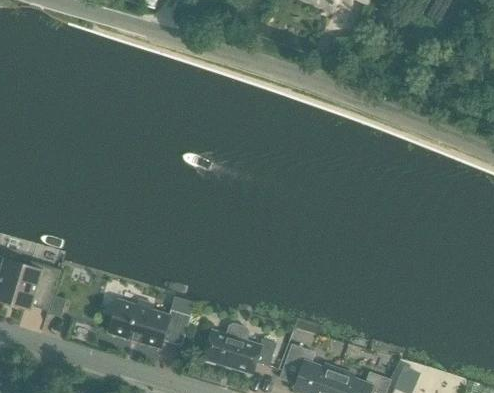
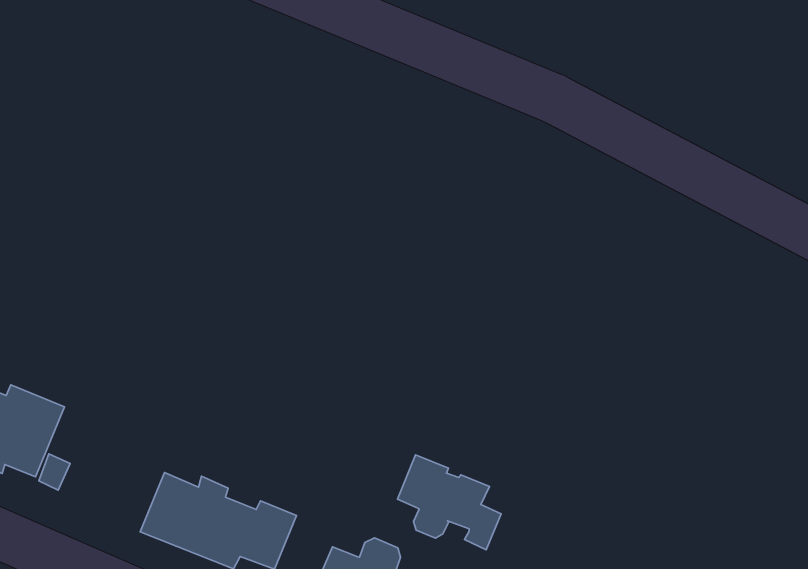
building: none -> [397,455,501,550]

